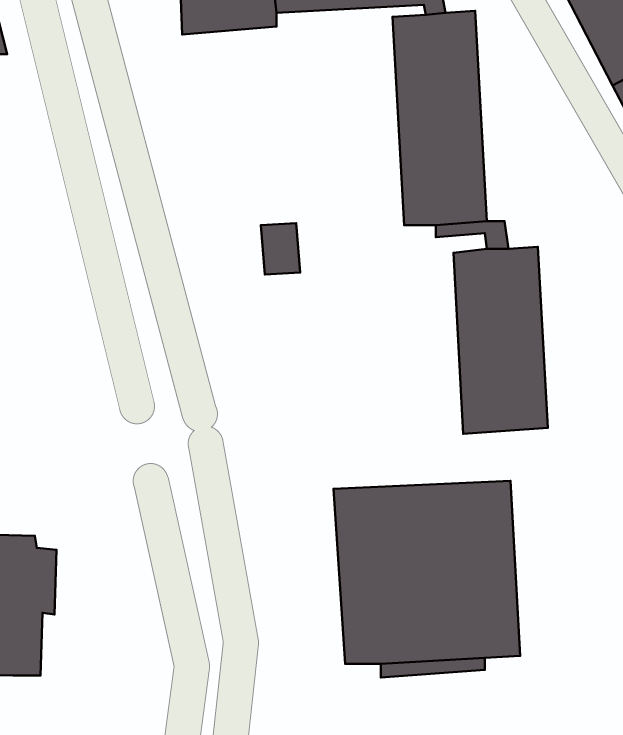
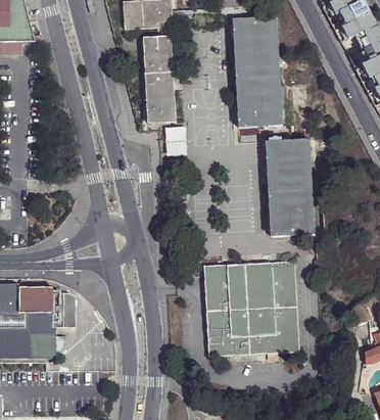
building: none -> [143,33,175,121]

